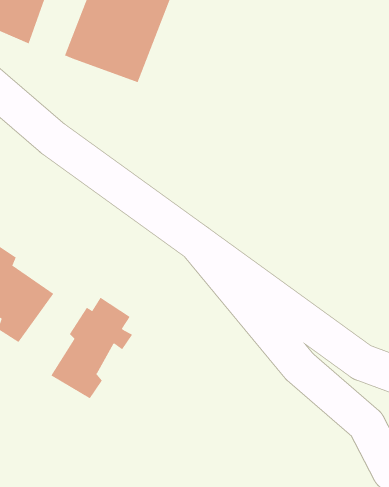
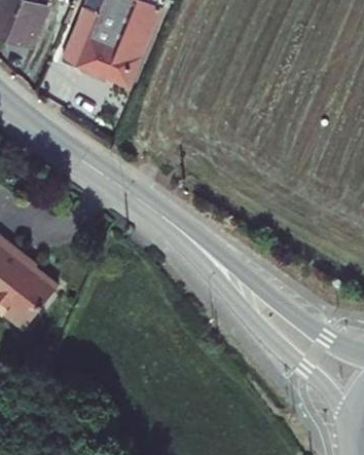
building: [50,297,133,399] -> none

